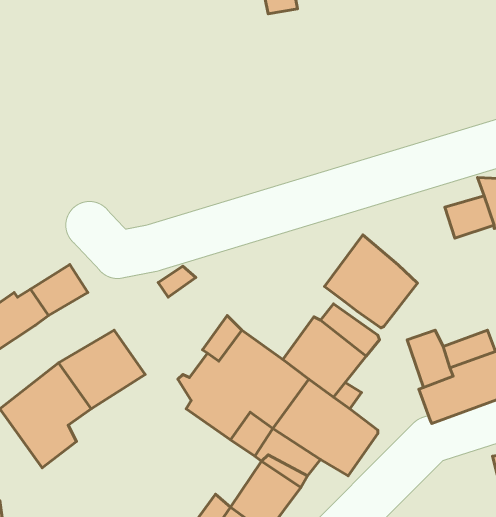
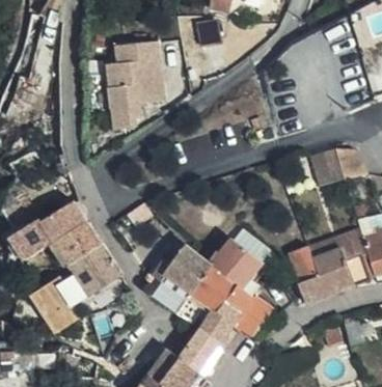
building: none -> [107,42,163,127]
building: [324,235,417,328] -> none
building: none -> [52,221,102,266]

